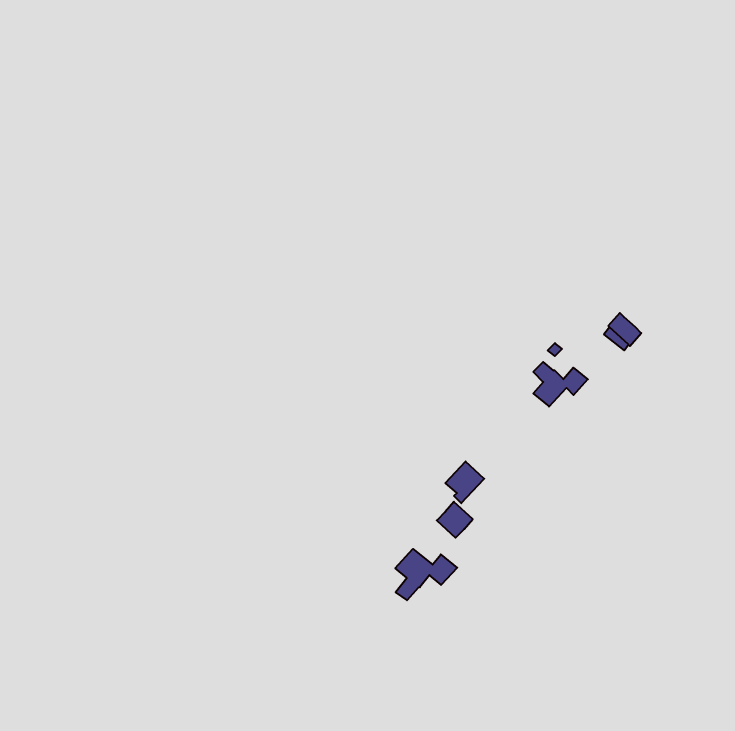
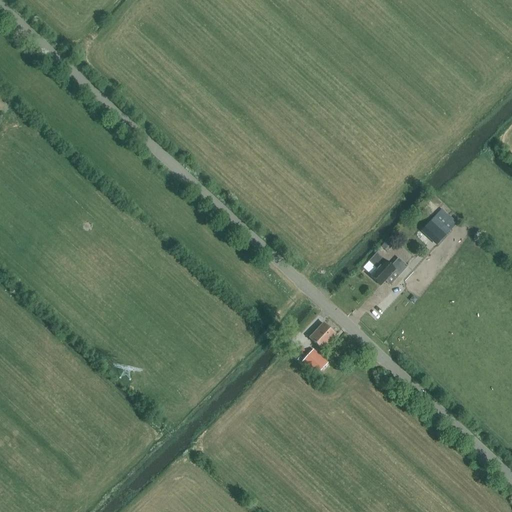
building: [395,549,457,600] -> none

